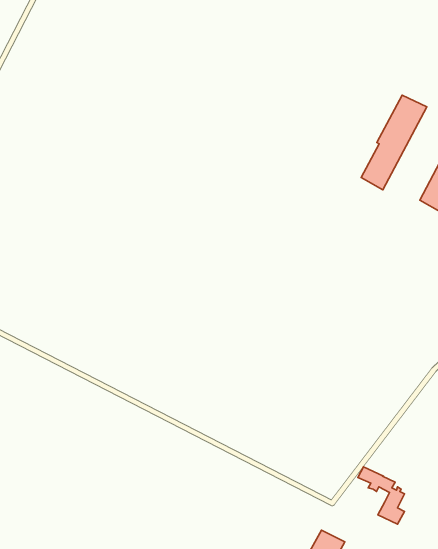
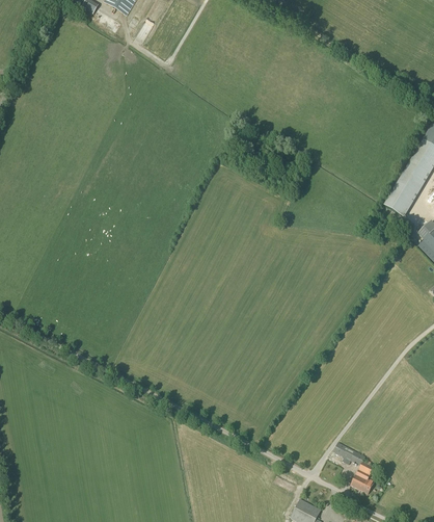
building: [361,95,427,190] -> none

